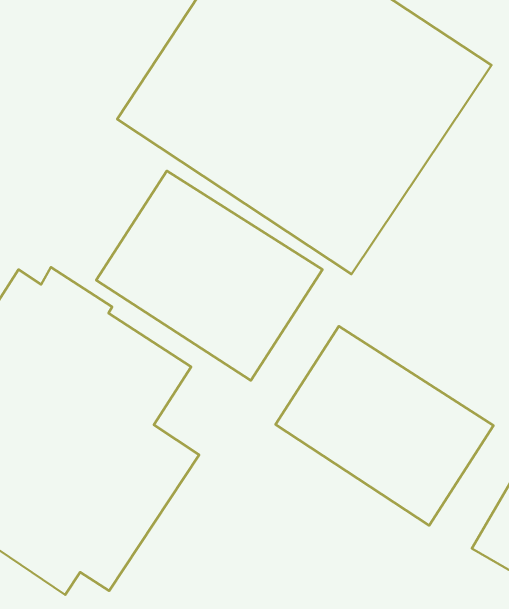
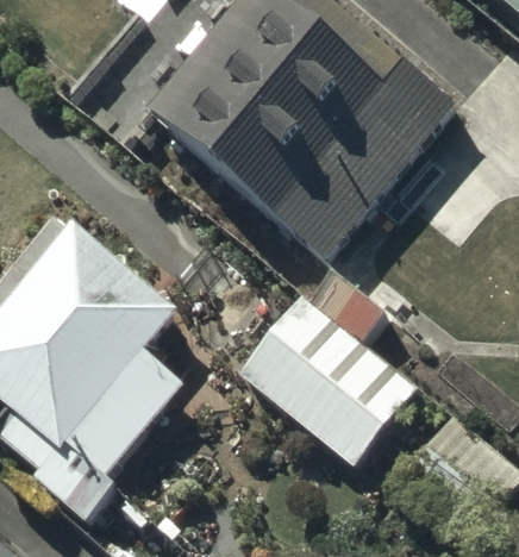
building: [96,171,323,381] -> none

